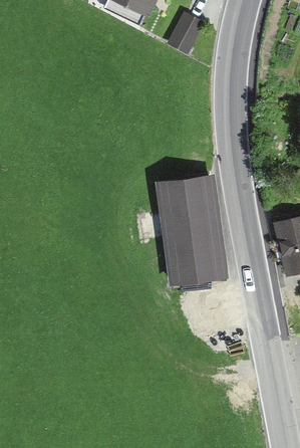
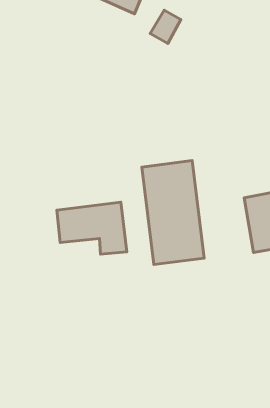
building: none -> [57,202,127,254]

